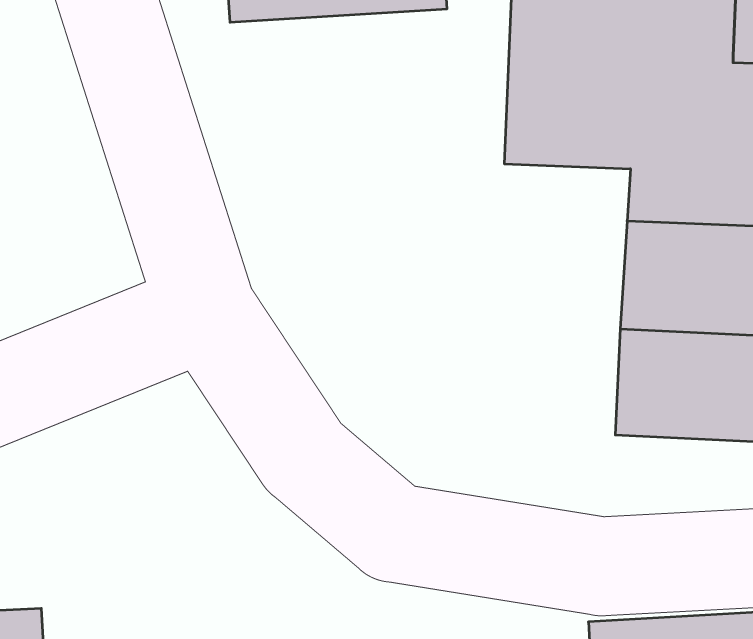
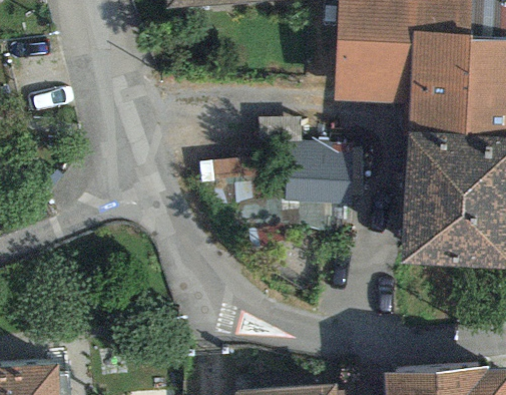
building: none -> [291,135,352,212]

